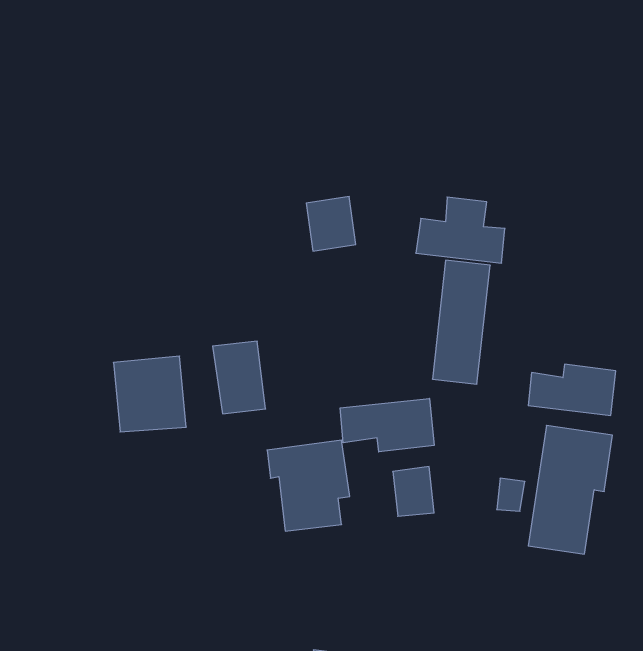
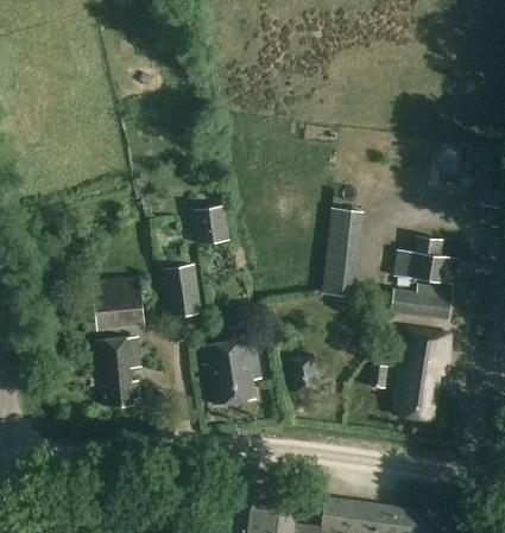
building: [306,197,356,251] -> [196,208,232,247]
building: [416,197,505,263] -> [394,237,459,285]
building: [340,398,434,452] -> none
building: none -> [97,338,140,410]

